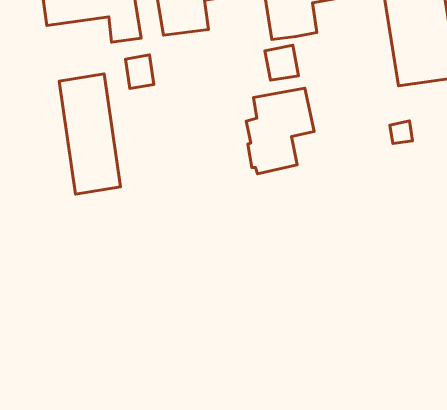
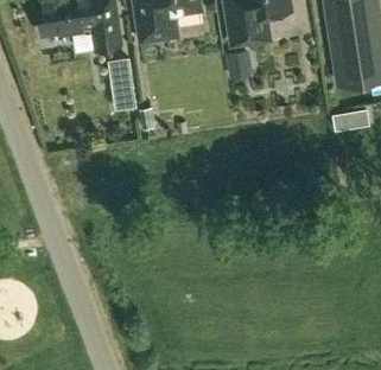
building: [59,74,120,194] -> none
building: [246,88,314,174] -> none

